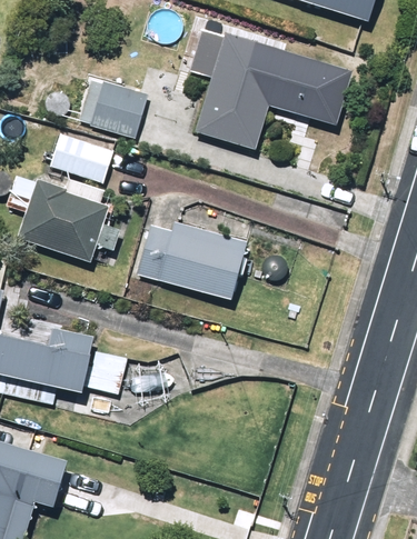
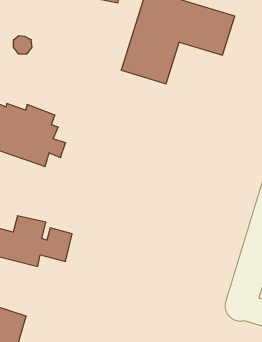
building: [79,78,148,136] -> none
building: [49,129,116,182] -> none
building: [135,221,247,302] -> none

